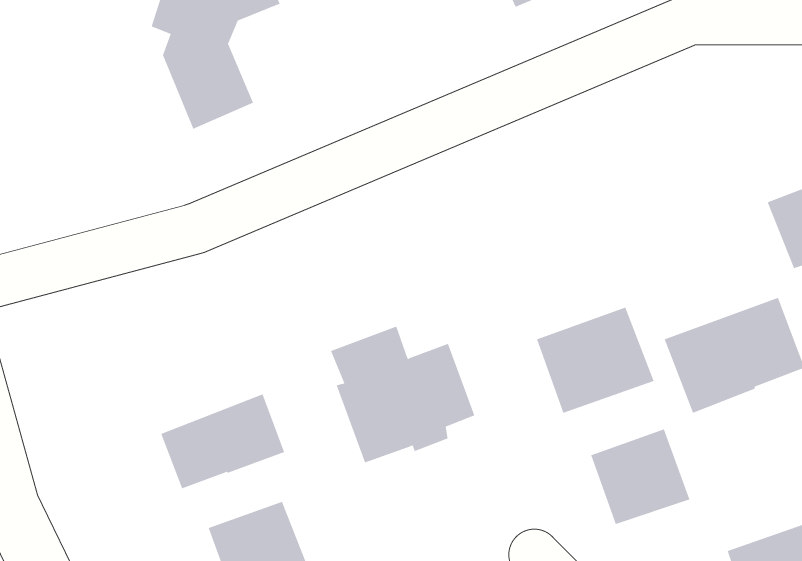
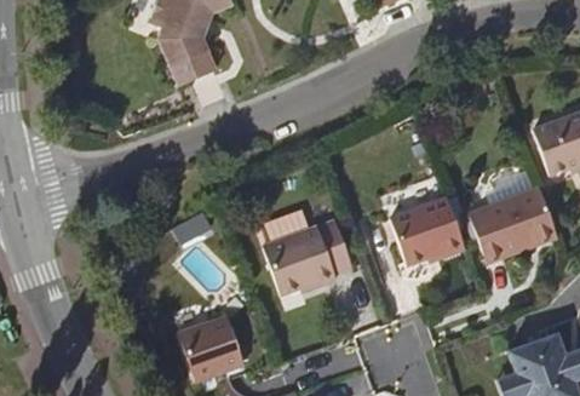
building: [161,394,285,489] -> none
building: [591,428,690,525] -> none

